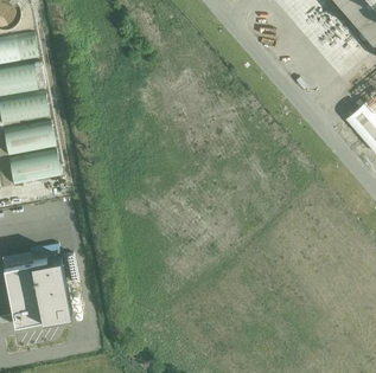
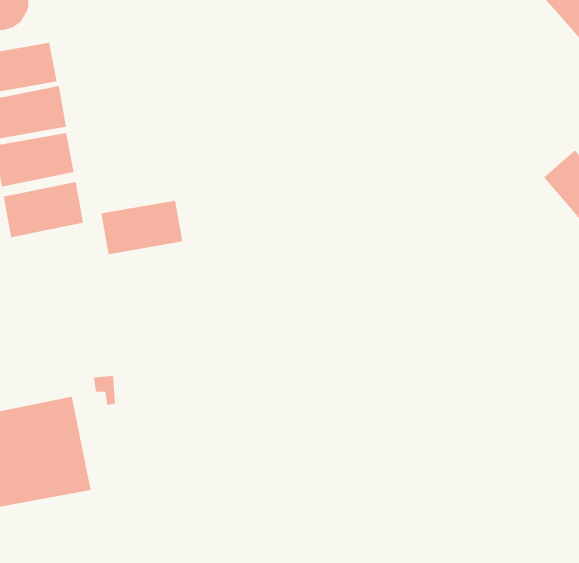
building: [9,150,62,185] -> [100,200,183,255]

